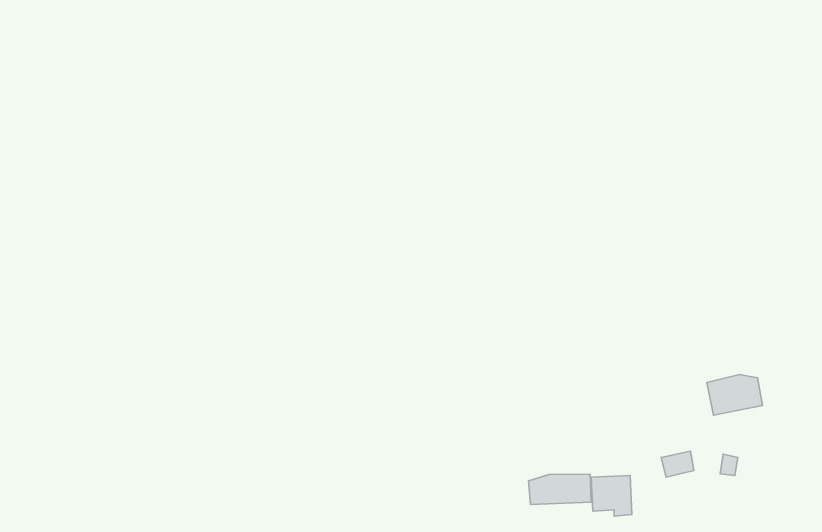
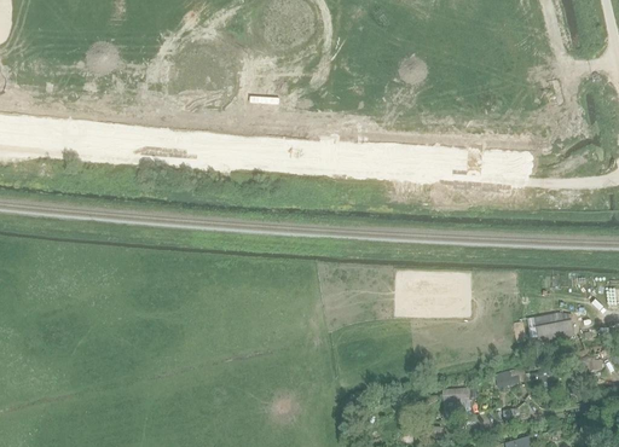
building: [529,474,591,505] -> none

